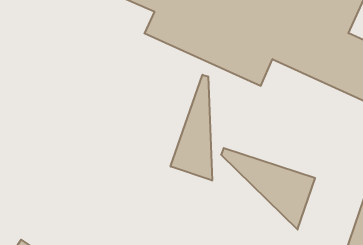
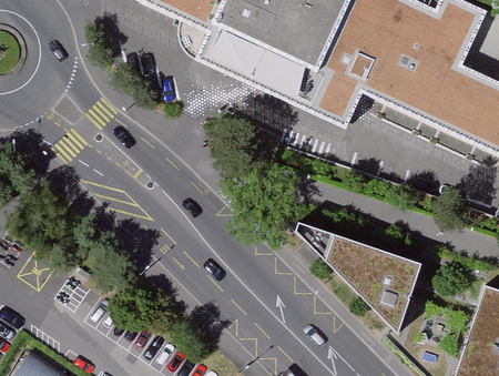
building: [171,75,212,181] -> none

